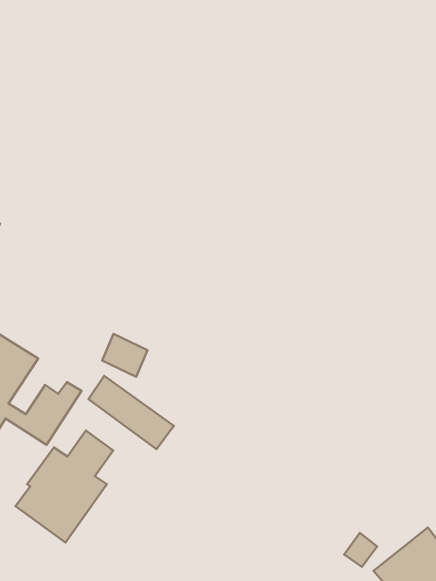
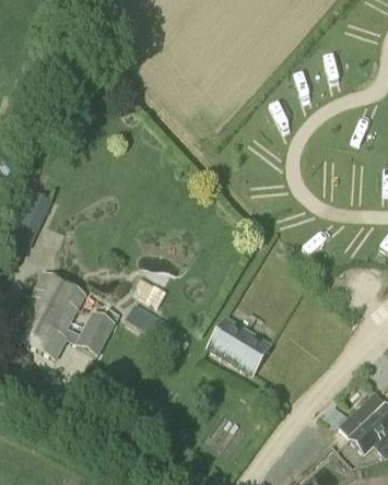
building: none -> [205,315,272,376]
building: [15,431,113,542] -> none

